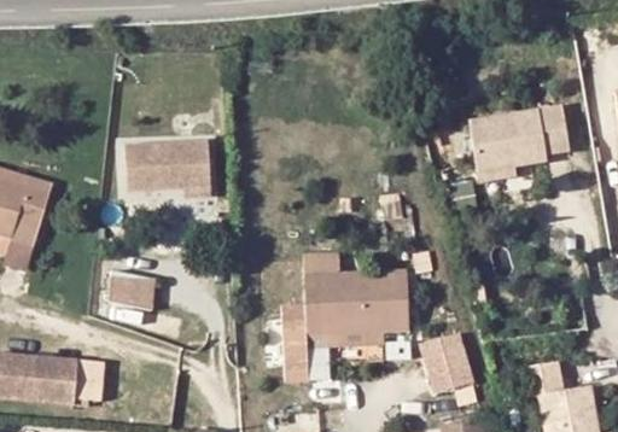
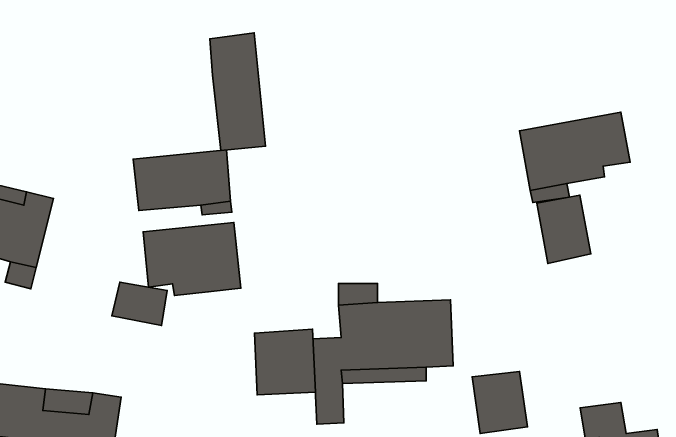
building: none -> [210,33,266,150]
building: none -> [537,195,591,263]
building: none -> [143,223,241,295]
building: none -> [254,329,315,395]

